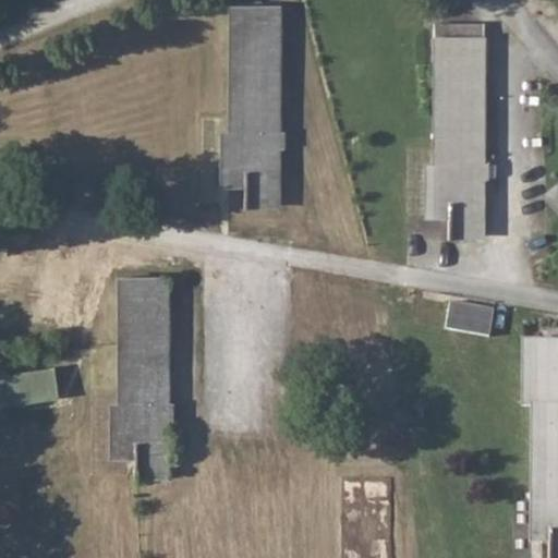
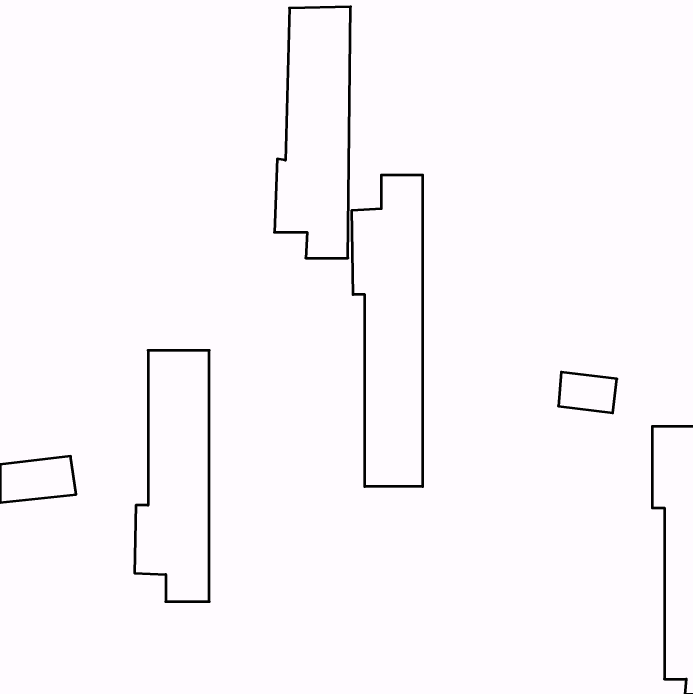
building: [426,37,485,239] -> none
building: none -> [352,175,423,487]

